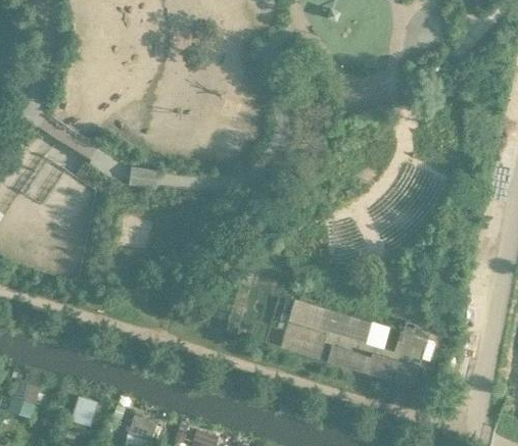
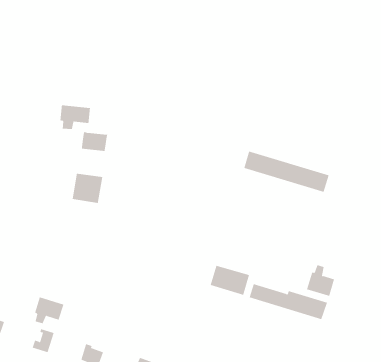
building: none -> [60,104,91,130]
building: [288,299,389,348] -> [243,151,329,193]
building: none -> [34,296,64,324]

